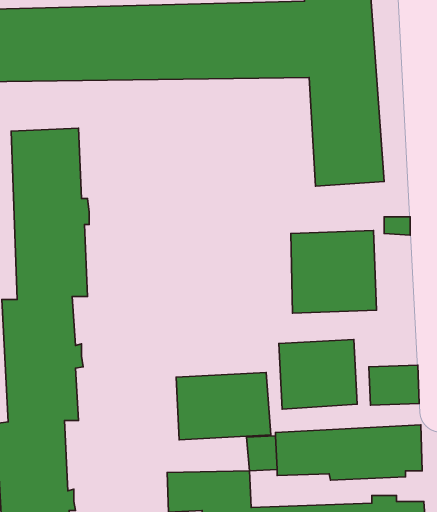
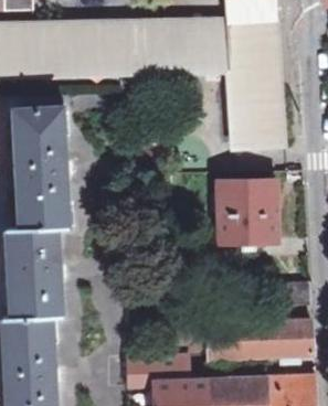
building: [279,340,357,409] -> none
building: [176,372,271,440] -> none

